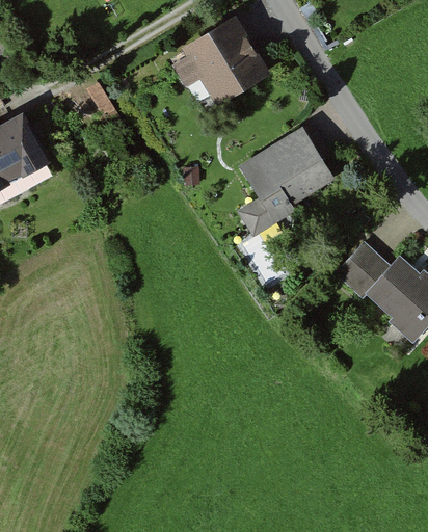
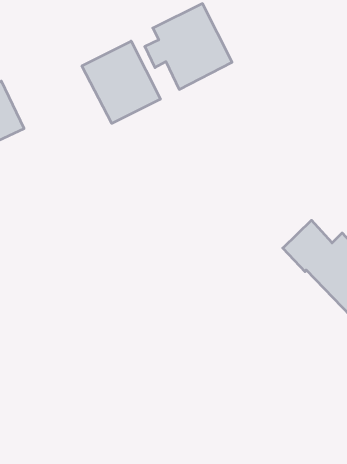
building: none -> [82,41,160,123]
building: [239,130,333,228] -> none

